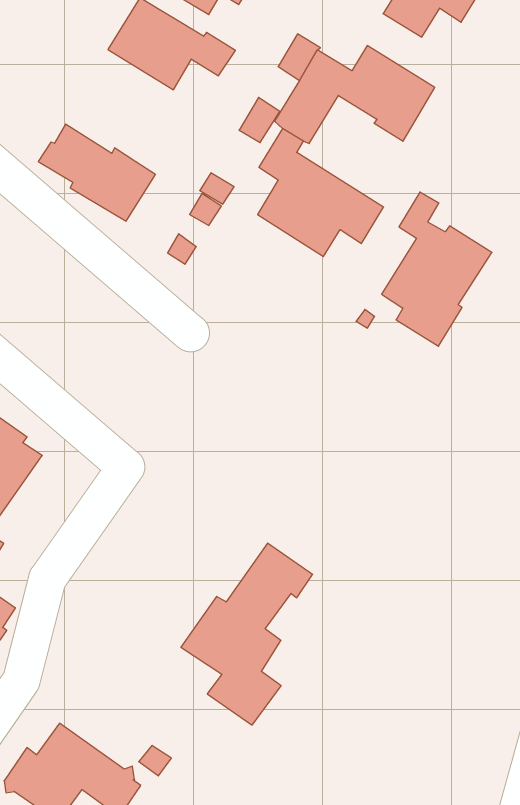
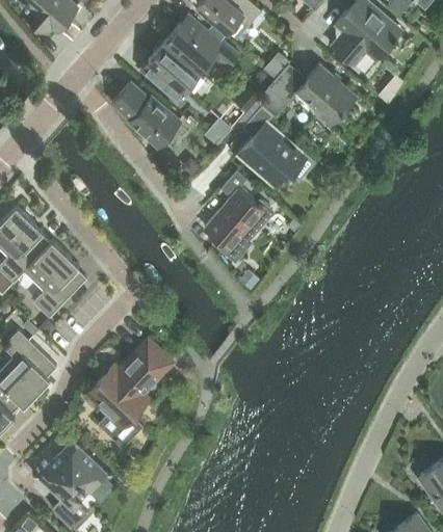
building: none -> [140,43,200,100]
building: [382,192,492,346] -> [205,170,275,264]
building: [181,543,313,725] -> [87,340,173,447]

